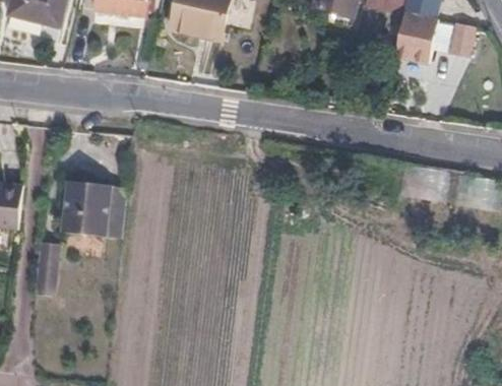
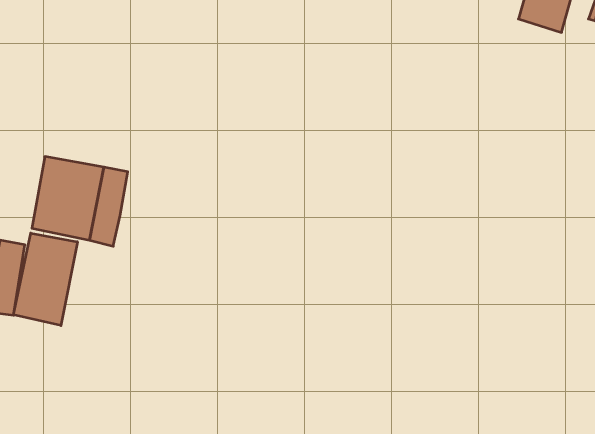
building: none -> [14,233,77,326]

